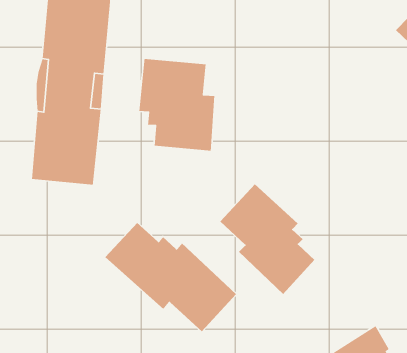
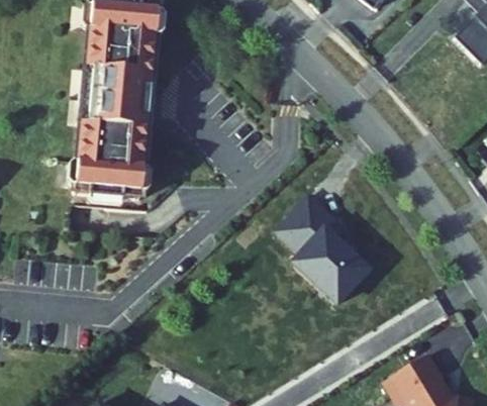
building: [138,58,215,152] -> none
building: [105,222,237,332] -> none

